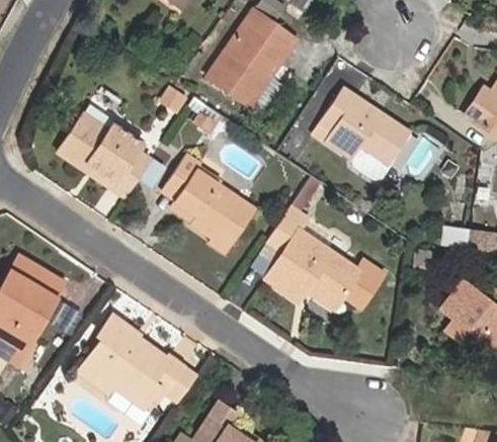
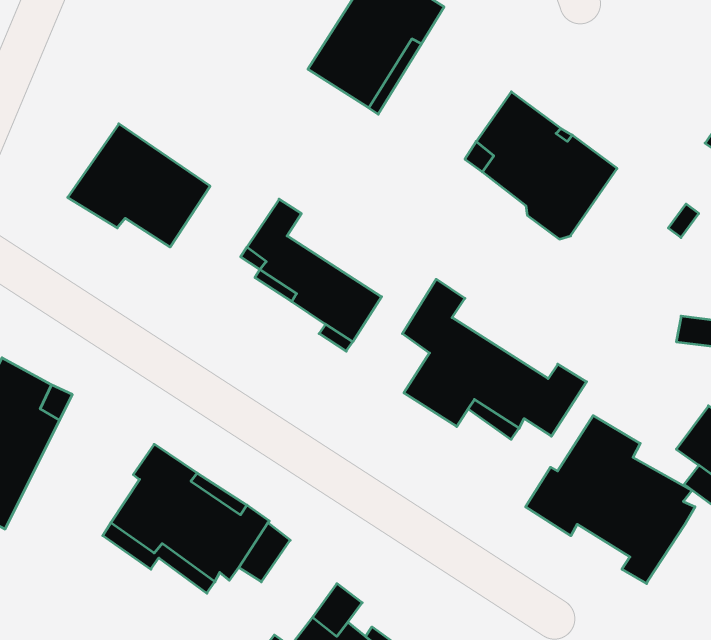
building: [89,154,156,200] -> none
building: none -> [526,416,695,584]

